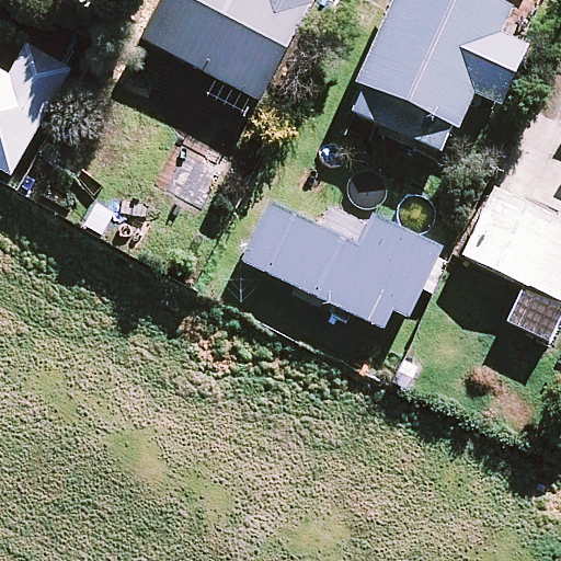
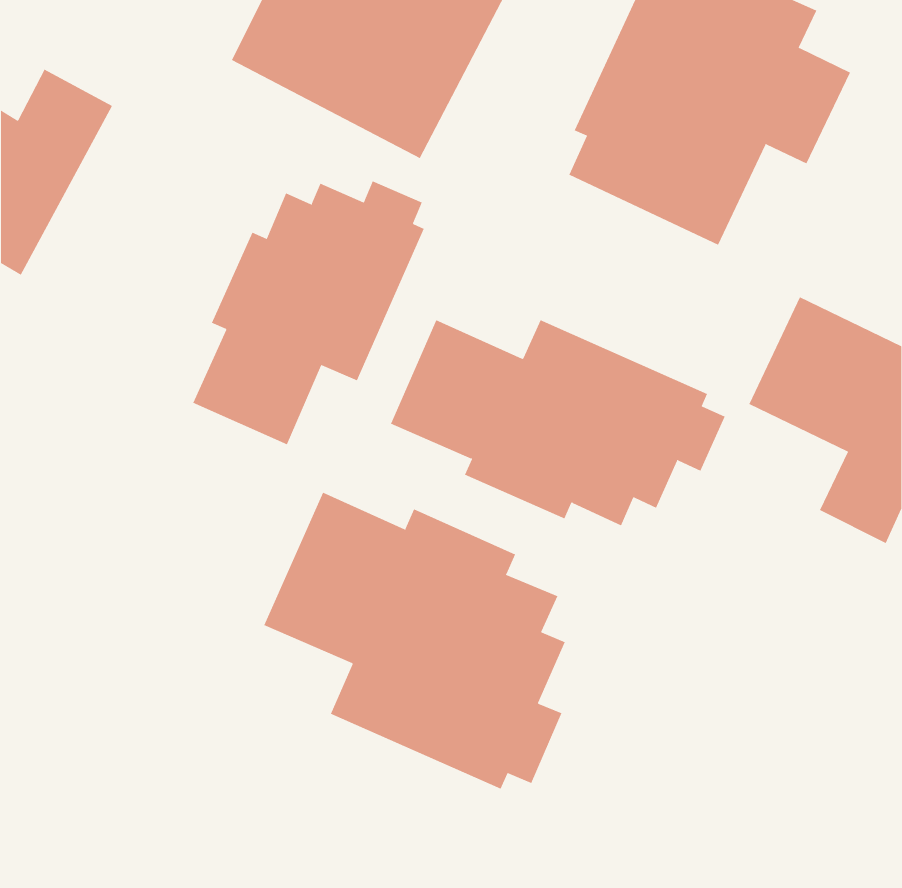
building: none -> [193,181,425,445]
building: none -> [264,492,566,790]

